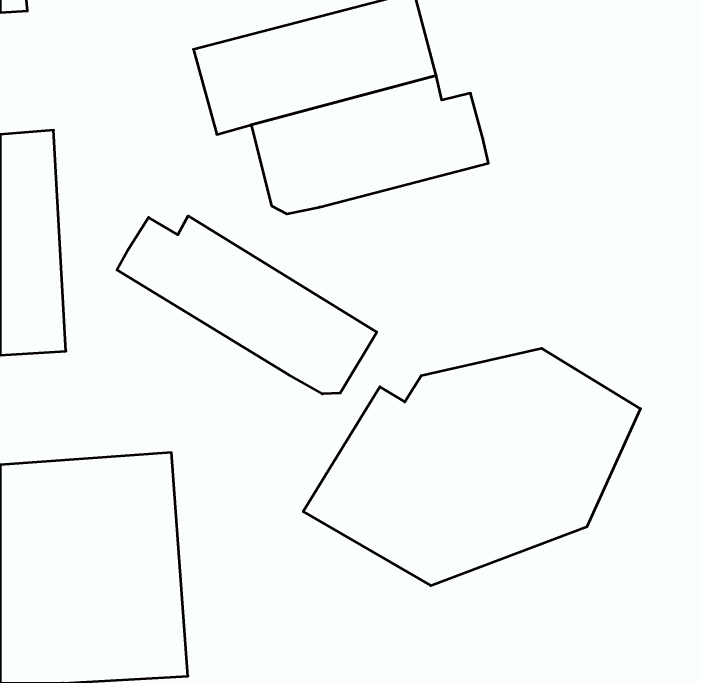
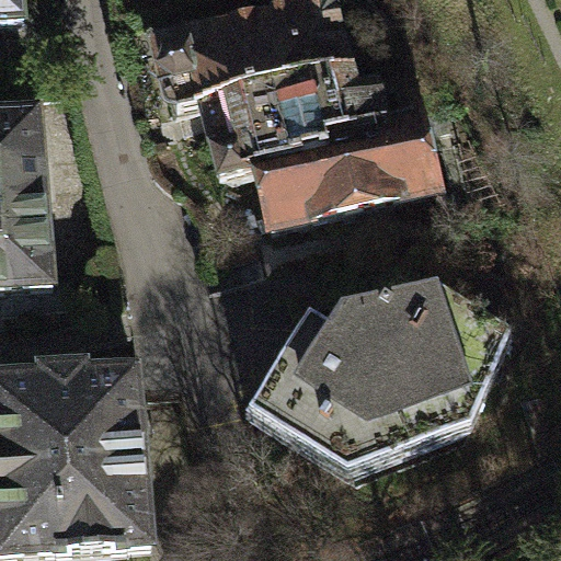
building: none -> [255,103,437,226]
building: [117,216,377,394] -> none

